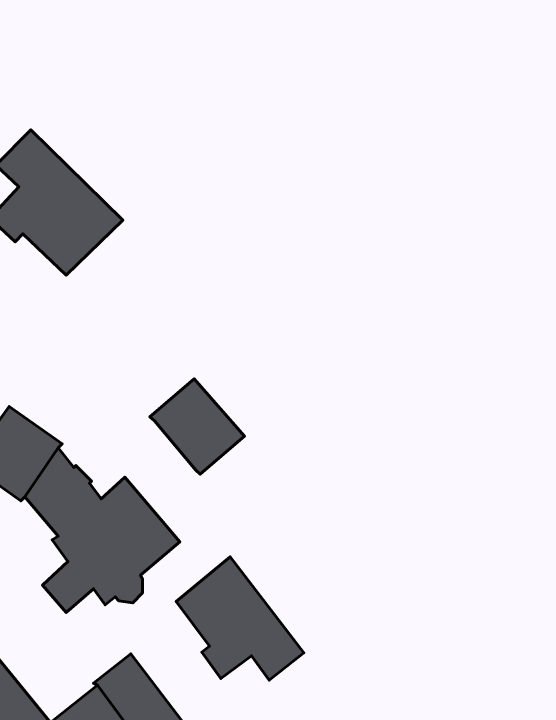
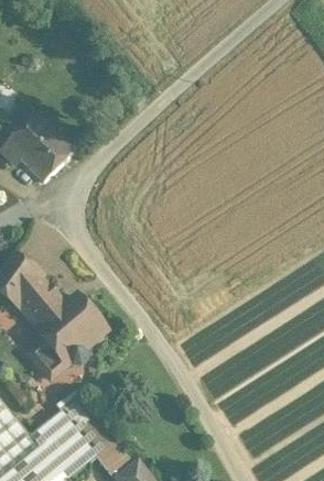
building: [150,379,245,474] -> none
building: [176,557,304,680] -> none

